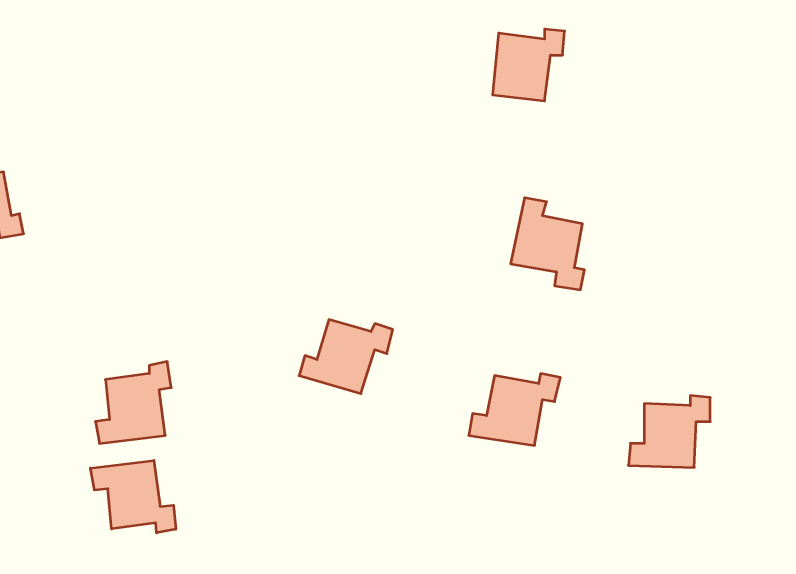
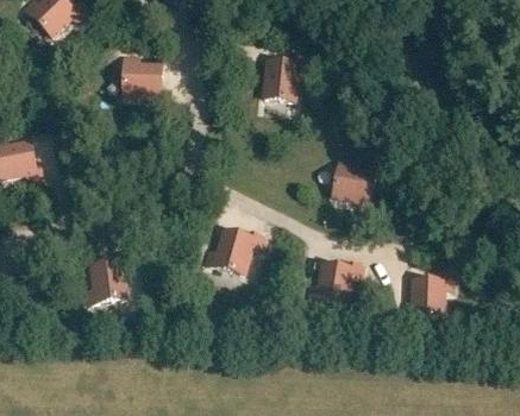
building: none -> [124,55,167,102]
building: [493,29,565,101] -> [264,57,307,100]
building: [90,460,176,533] -> none

